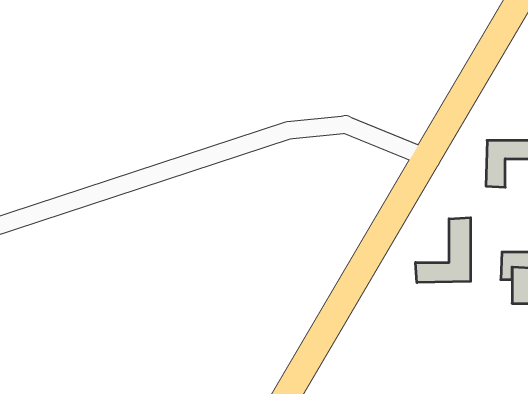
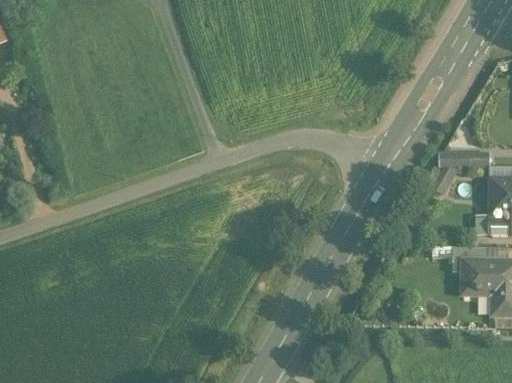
building: [416,218,471,283] -> none

